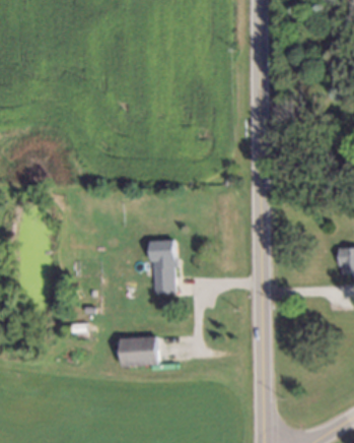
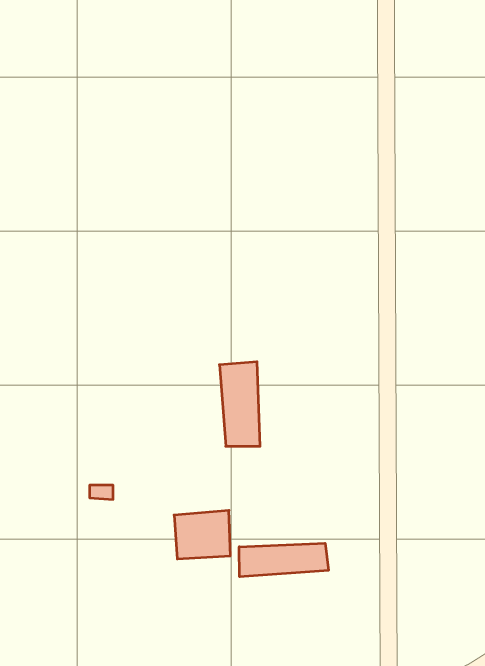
building: none -> [239,543,328,577]

